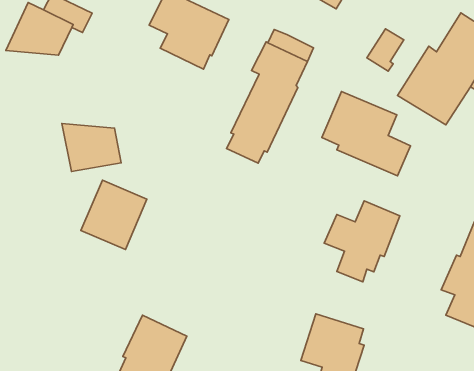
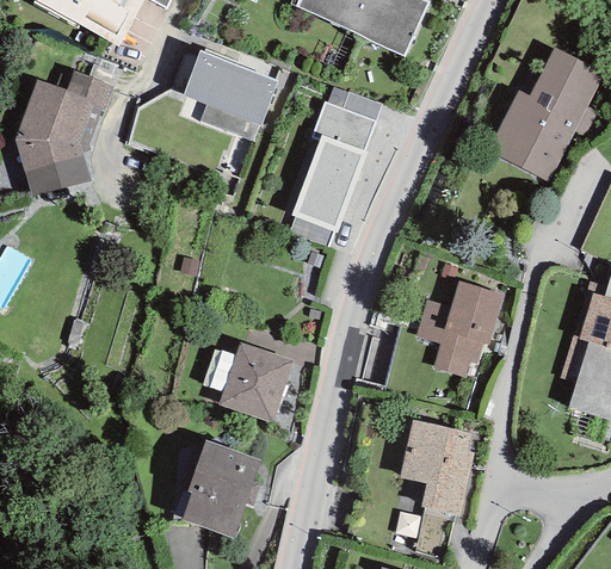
building: [367,29,404,71] -> none
building: [322,92,411,176] -> none
building: [62,123,121,171] -> [16,140,91,196]
building: [81,180,147,249] -> [218,342,294,422]

